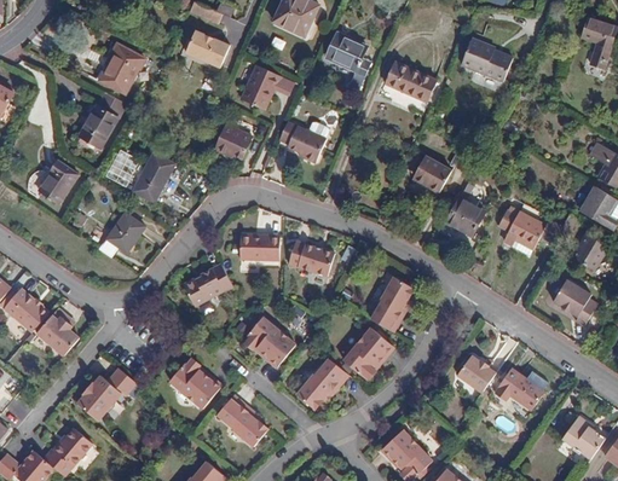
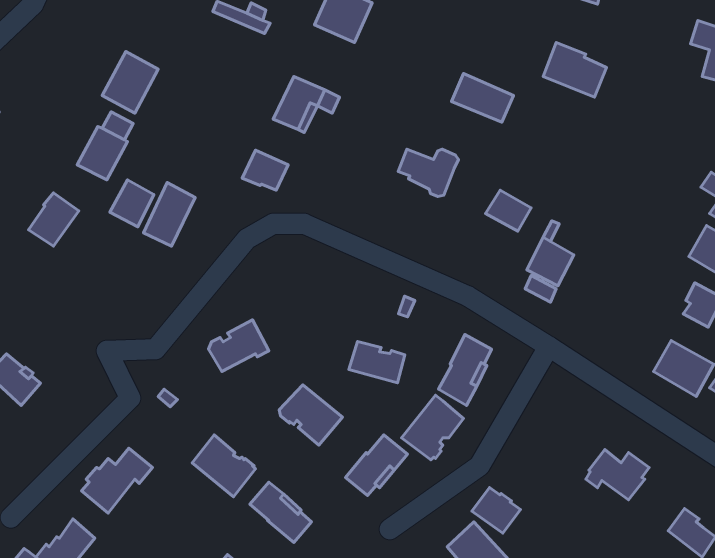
building: [185,30,230,66] -> none
building: [324,31,370,79] -> none
building: [278,122,328,161] -> [398,149,459,196]
building: [498,210,544,249] -> none
building: [99,211,145,256] -> none
building: [241,233,281,259] -> none
building: [290,239,336,273] -> [349,342,405,383]
building: [37,305,82,355] -> none
building: [456,354,496,392] -> [472,487,520,533]

